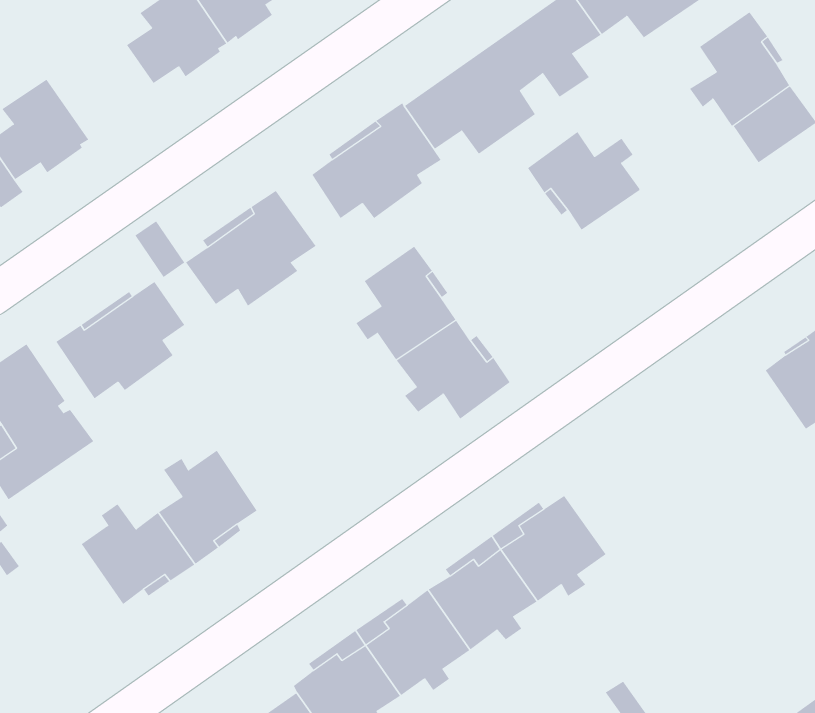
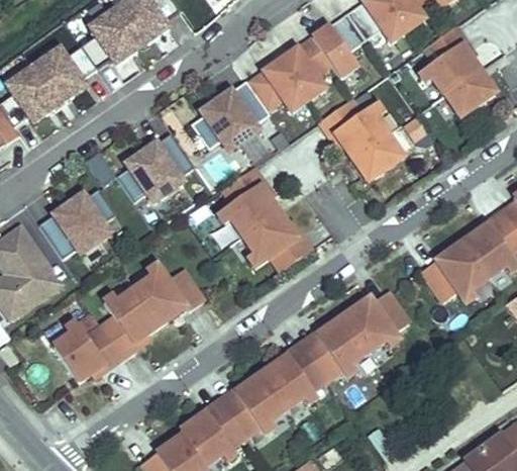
building: none -> [33,45,97,102]
building: none -> [353,132,404,179]
building: none -> [422,241,488,301]
building: none -> [135,263,204,324]
building: none -> [343,290,409,351]

